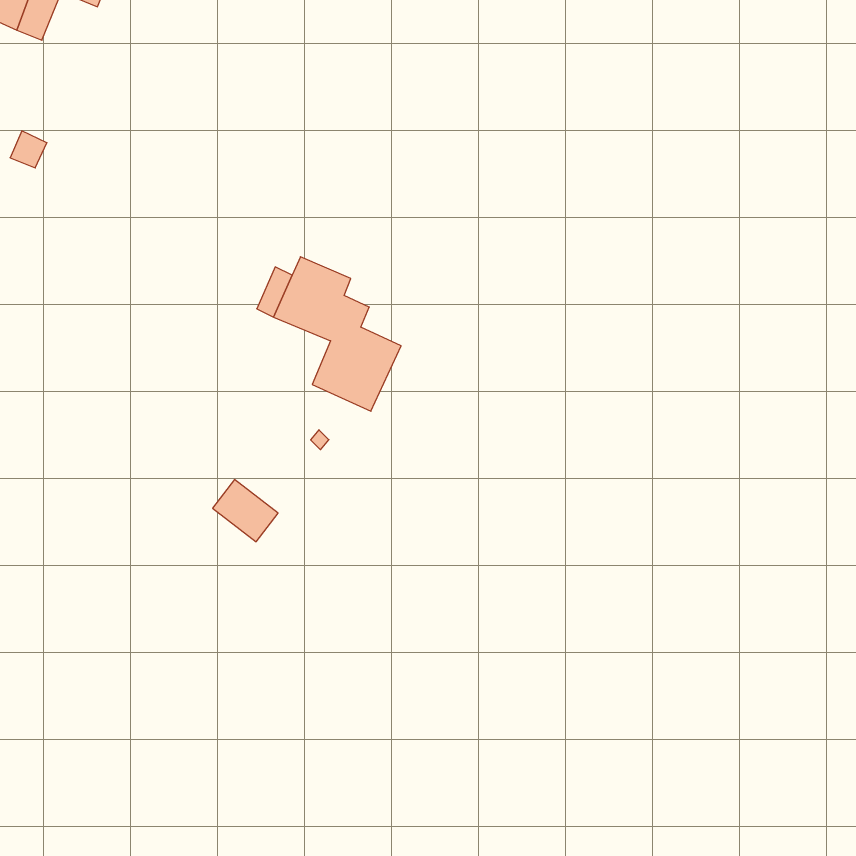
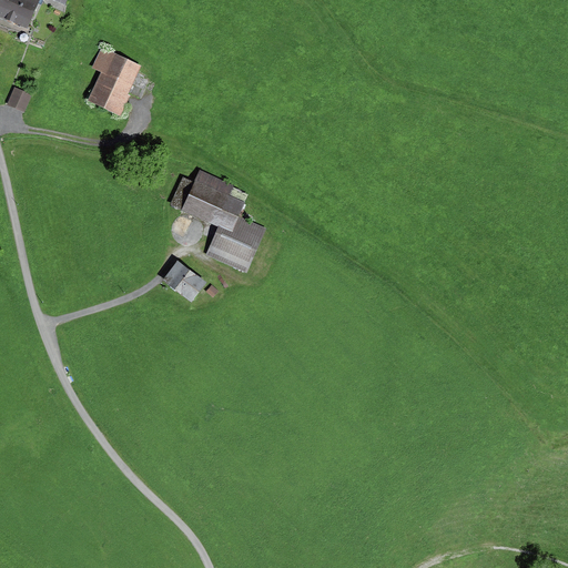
building: none -> [87,47,141,115]
building: [213,480,278,542] -> [162,261,205,302]

